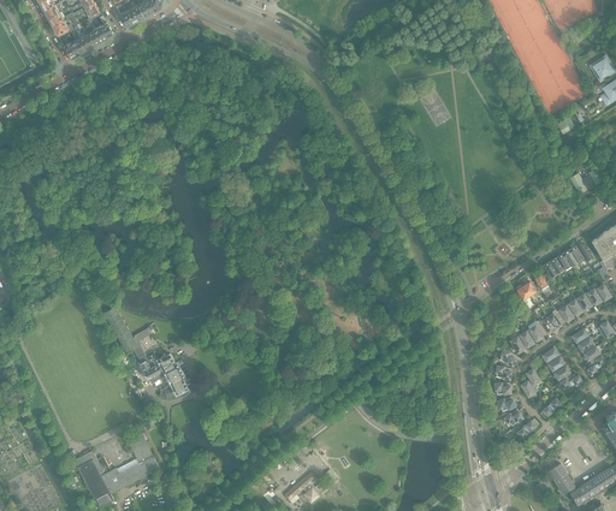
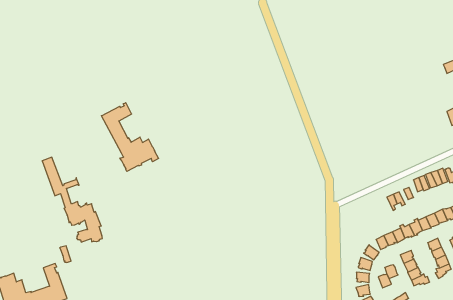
building: none -> [101,103,159,171]

